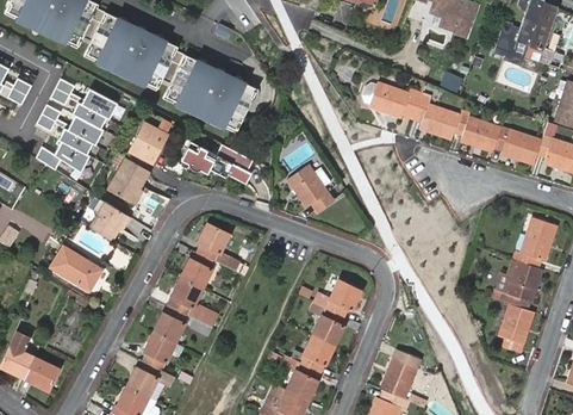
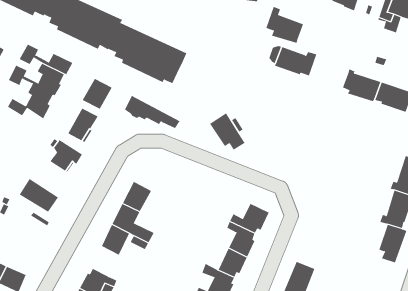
building: [412,92,460,138] -> [266,6,304,43]
building: [195,222,239,272] -> none
building: [142,332,175,370] -> none

